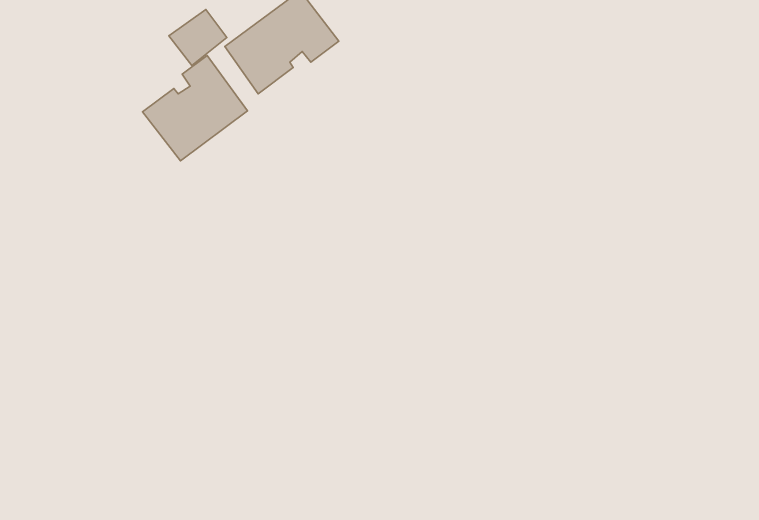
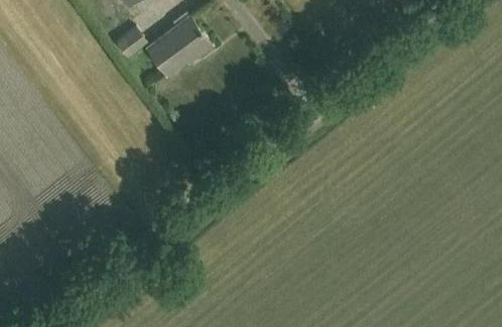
building: [142,56,248,161] -> none

